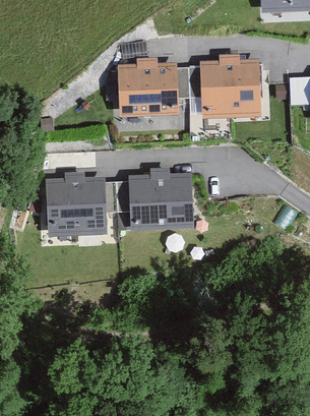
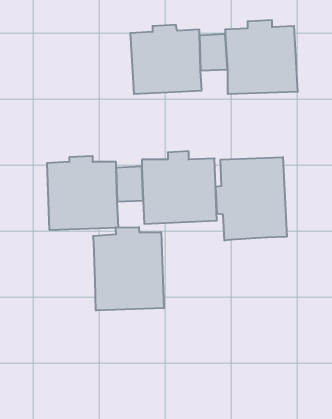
building: none -> [216,157,287,241]
building: none -> [93,227,164,311]

